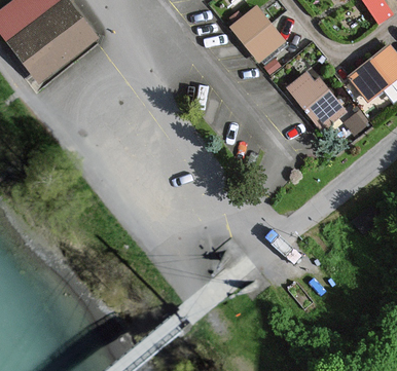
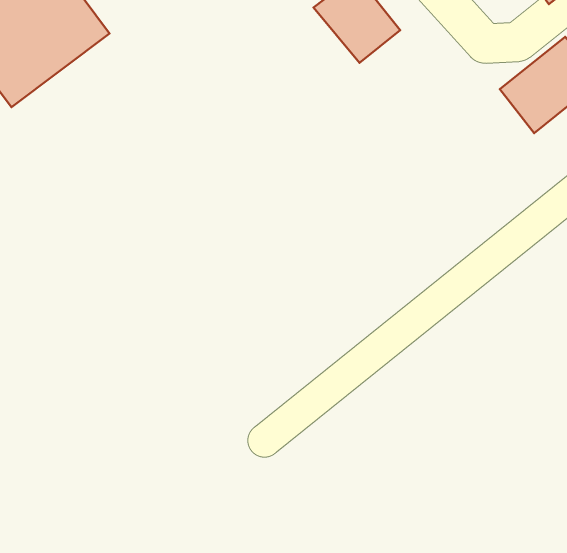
building: [285,70,348,133] -> none

